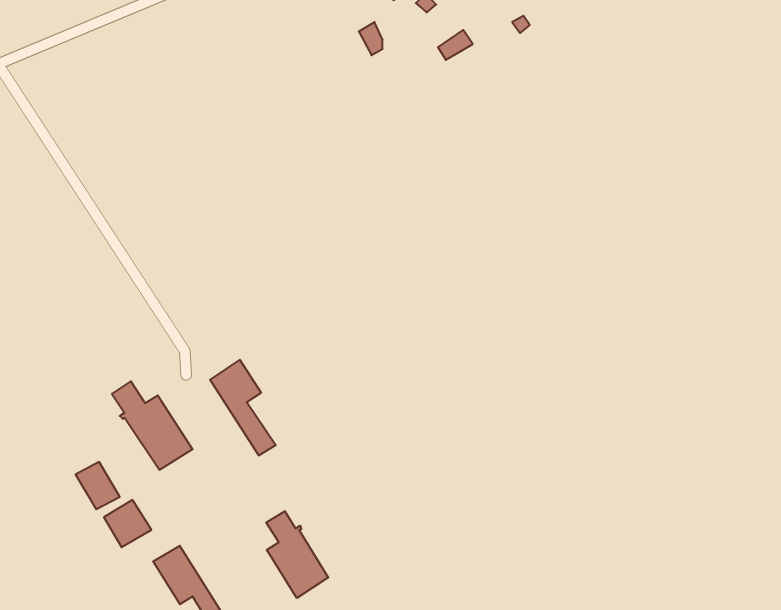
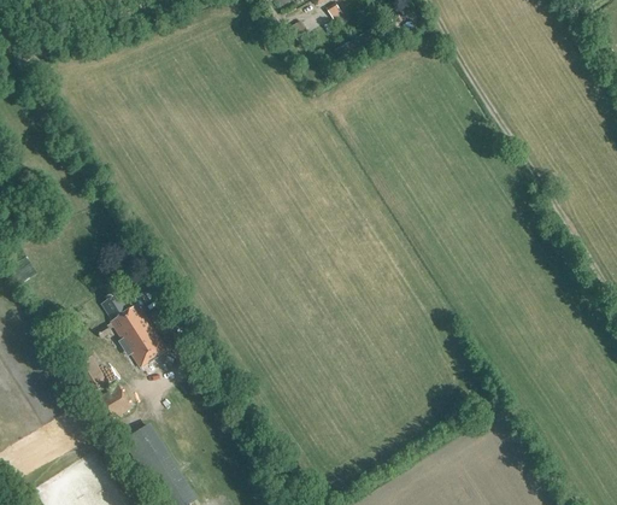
building: [210,360,276,456] -> none
building: [266,511,328,598] -> none

